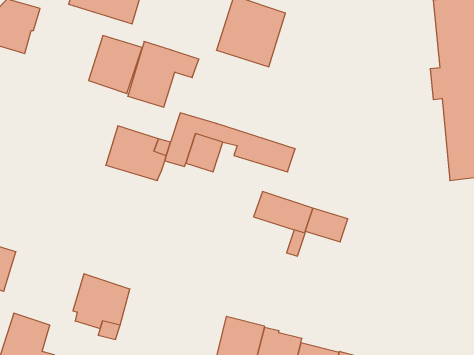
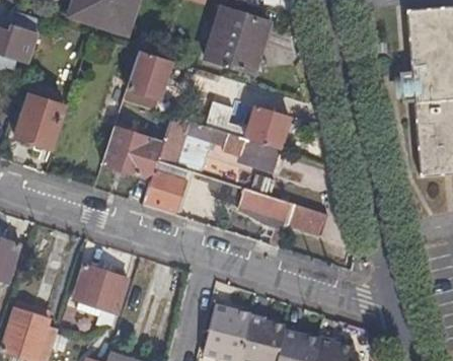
building: [89,36,142,94] -> [15,94,65,148]
building: none -> [205,100,289,150]
building: none -> [143,169,183,211]

